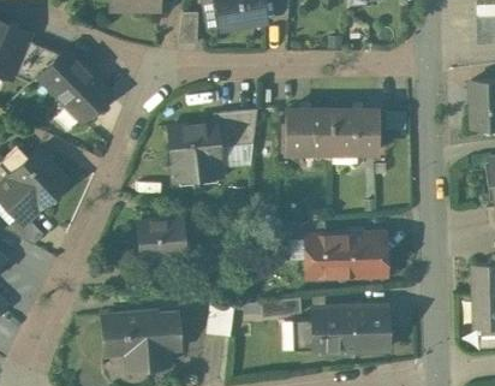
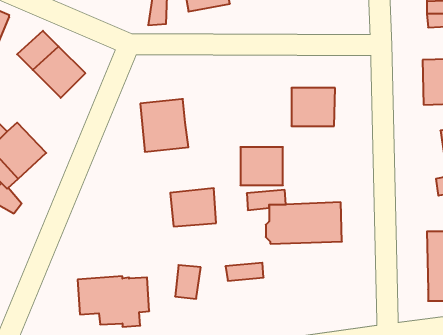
building: [211,109,256,148] -> none
building: [285,111,330,152] -> [240,147,283,185]
building: [135,218,184,259] -> [170,188,216,226]
building: [299,307,388,355] -> none

